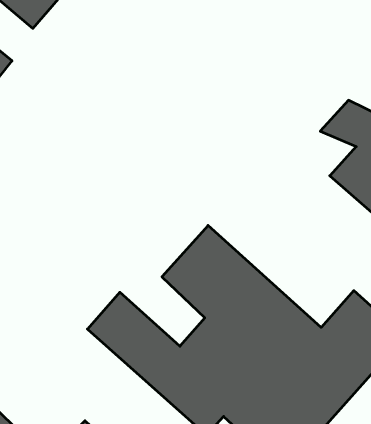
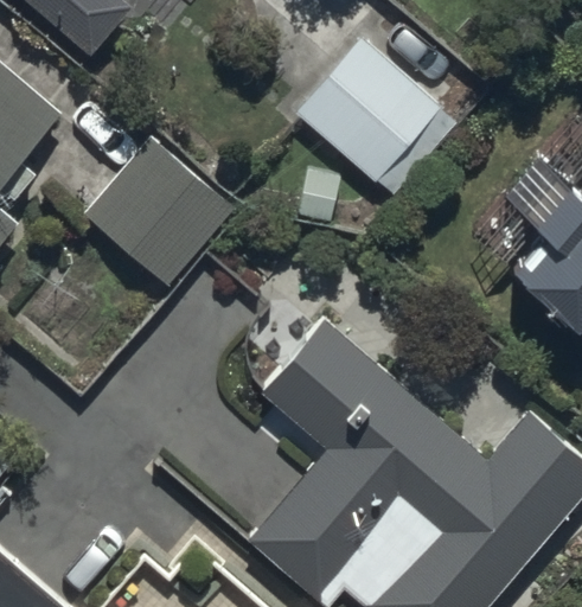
building: none -> [293,39,456,197]
building: none -> [84,132,236,282]

